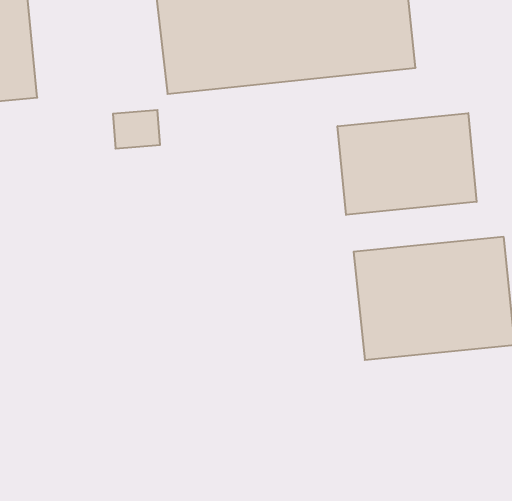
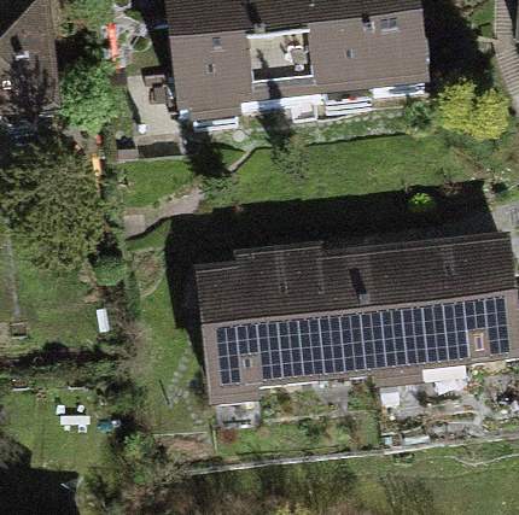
building: [338,113,477,215] -> none
building: none -> [202,250,373,382]

